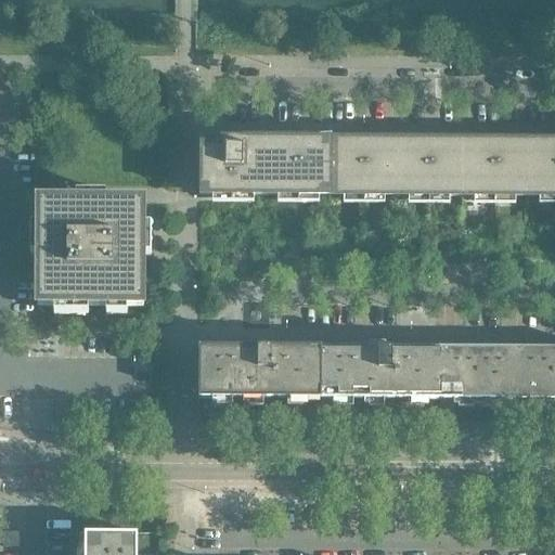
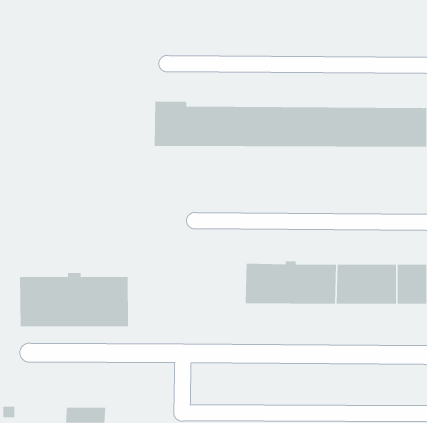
building: [39,198,143,302] -> none
building: [198,337,319,393] -> none
building: none -> [20,272,129,327]

